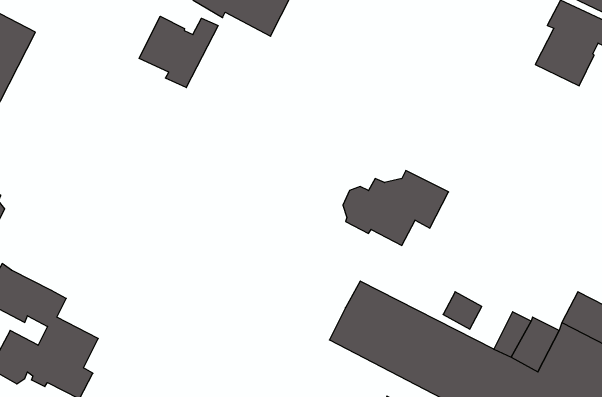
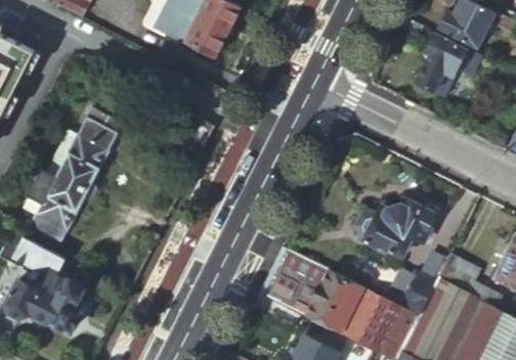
building: [139,16,218,88] -> none
building: none -> [16,116,112,254]
building: [343,171,449,245] -> [357,197,438,255]

